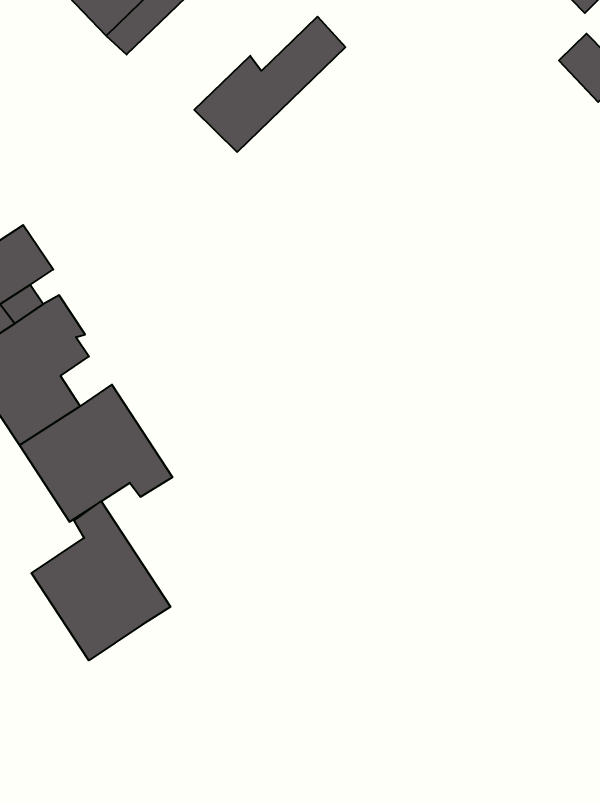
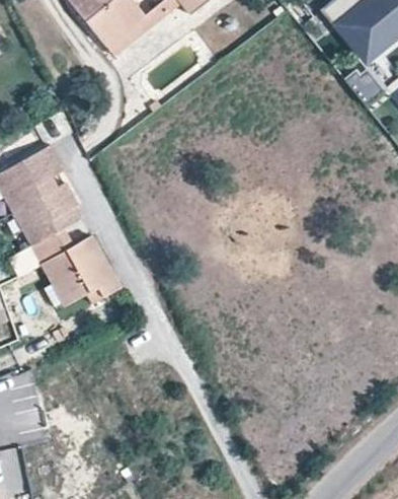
building: [194,17,345,152] -> none
building: [31,501,170,660] -> none

